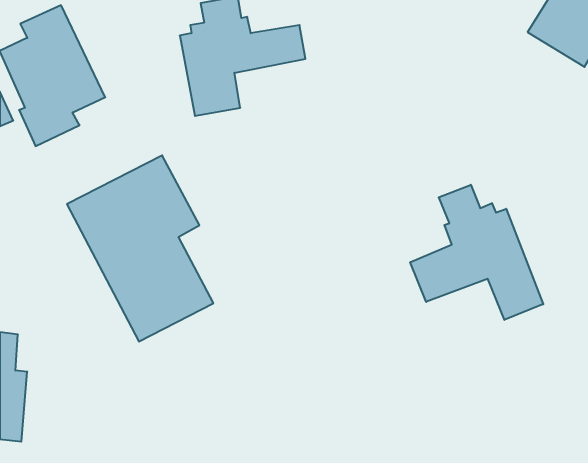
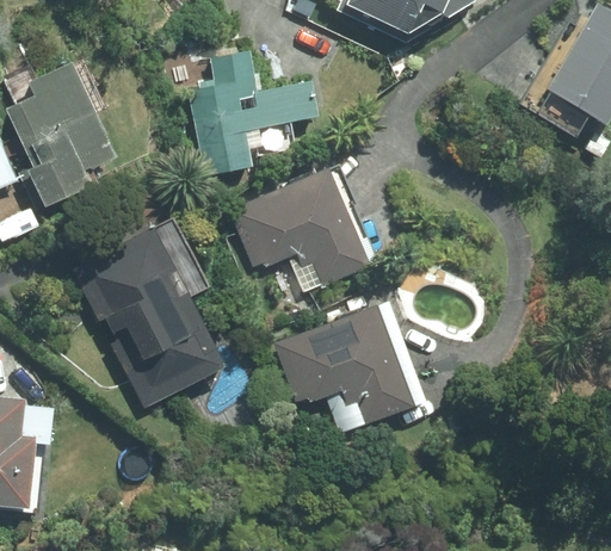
building: none -> [232,168,371,287]
building: [410,185,543,320] -> none
building: none -> [277,305,414,426]

